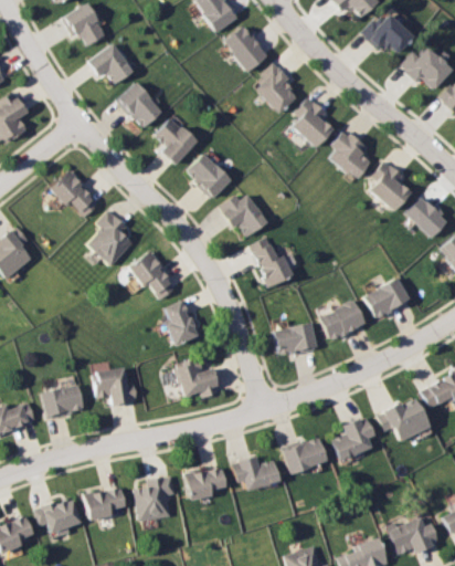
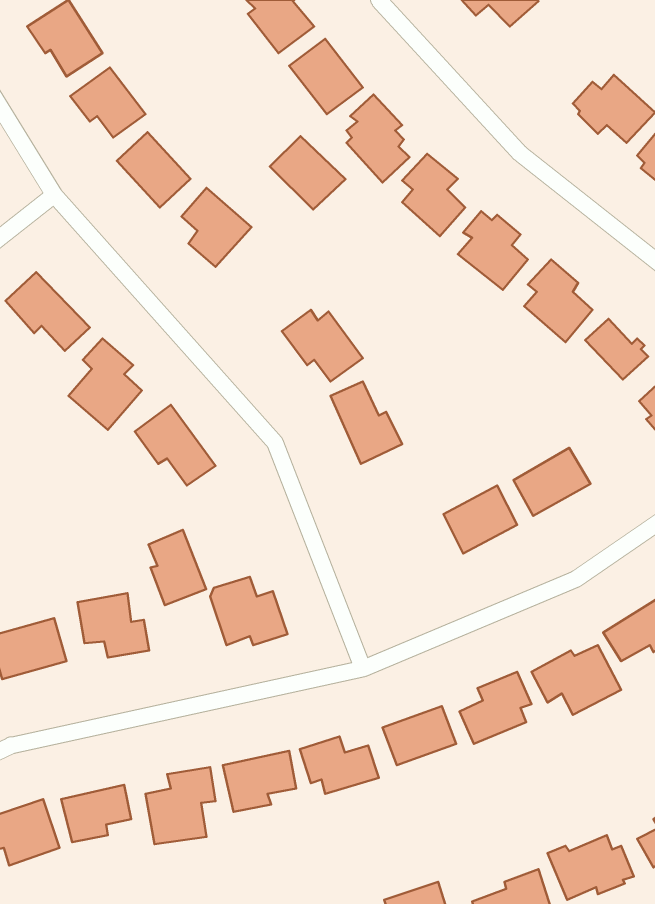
building: [358,14,412,57] -> none
building: [188,153,234,198] -> [270,136,345,210]
building: [165,298,200,345] -> [149,530,206,605]
building: [274,323,318,356] -> none

